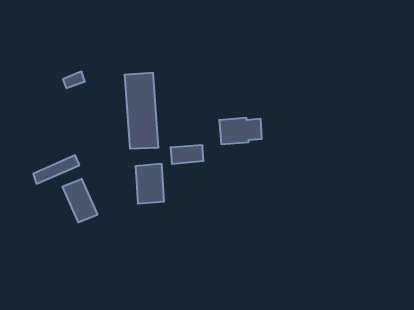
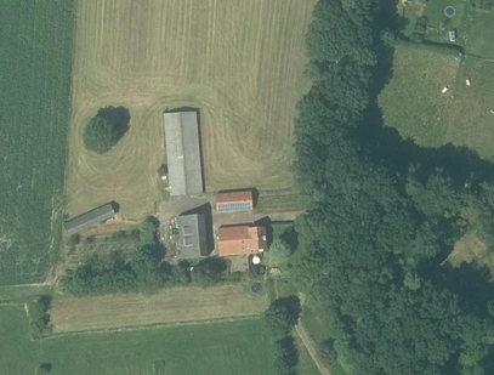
building: [219,118,262,144] -> [217,225,265,254]
building: [63,179,97,222] -> none

